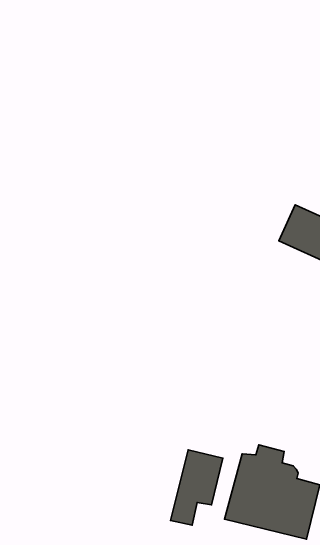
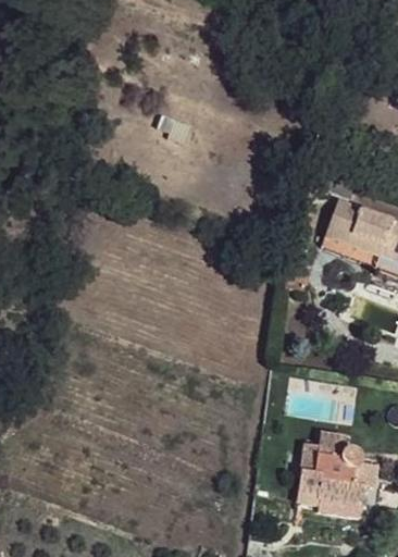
building: [171,450,223,525] -> none

